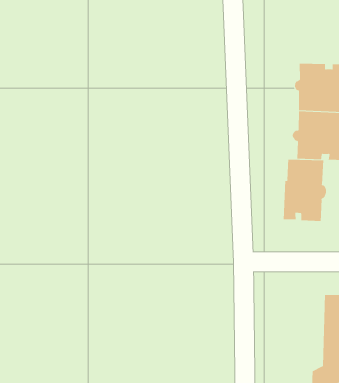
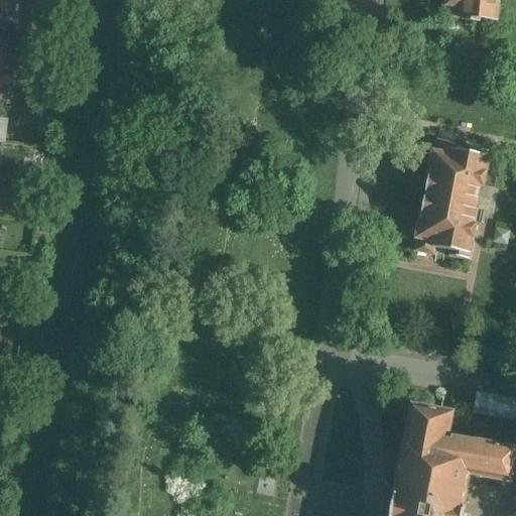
building: [283,159,327,222] -> none

